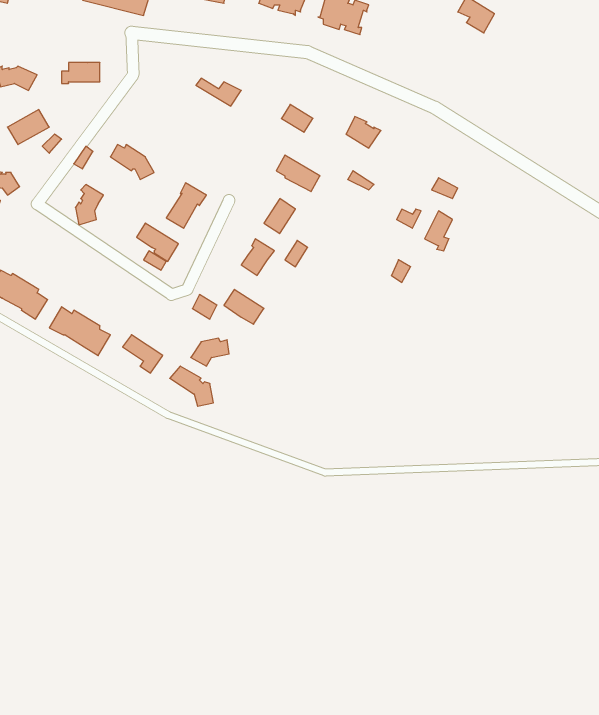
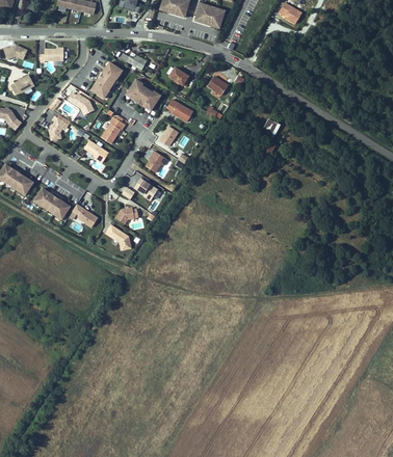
building: none -> [93,62,123,98]
building: none -> [127,78,161,108]

